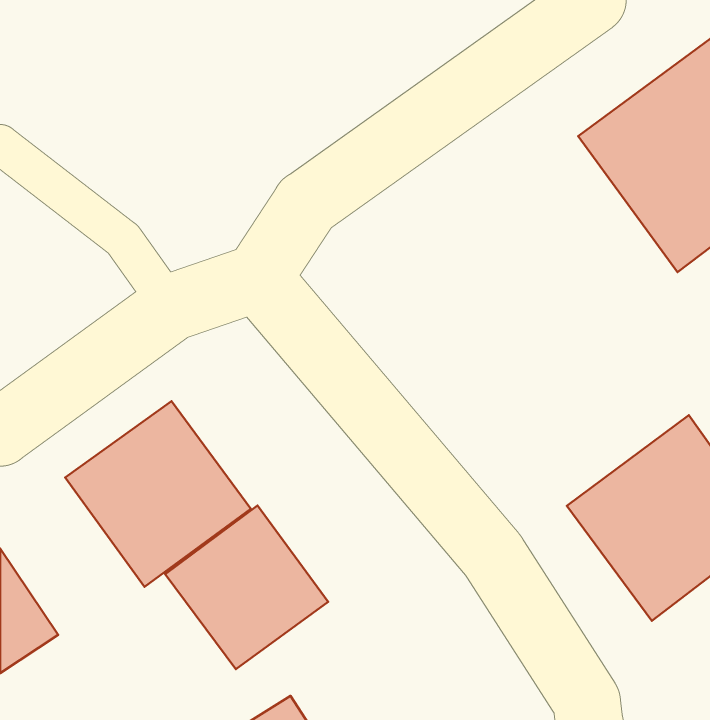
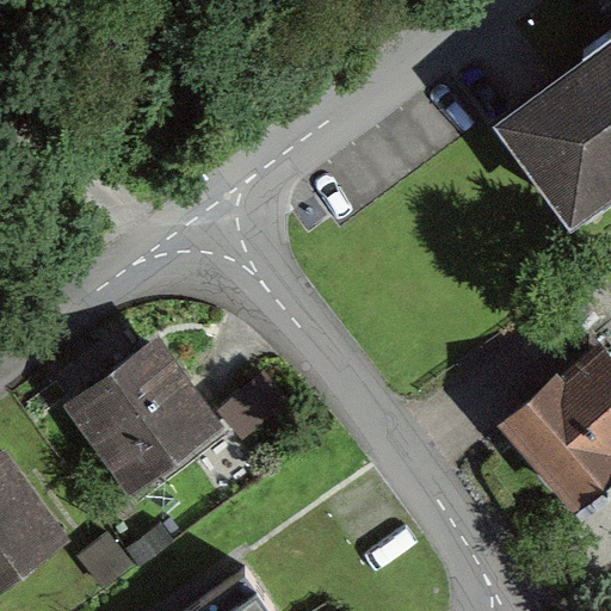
building: [165,506,328,669] -> none

